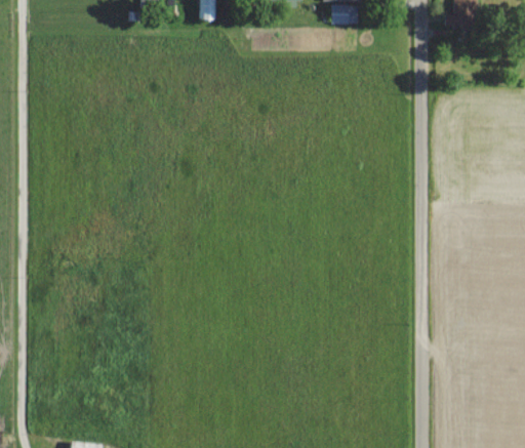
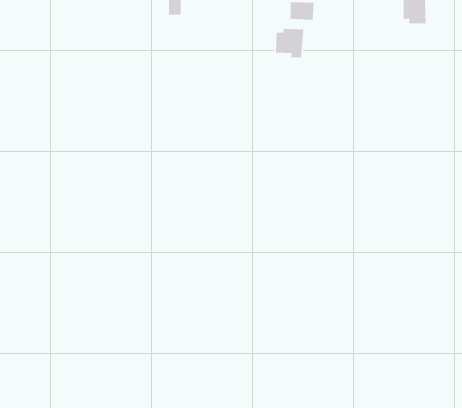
building: none -> [275,28,304,58]

